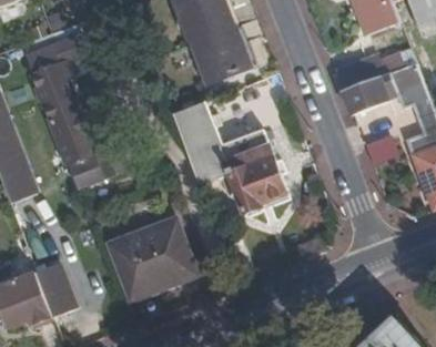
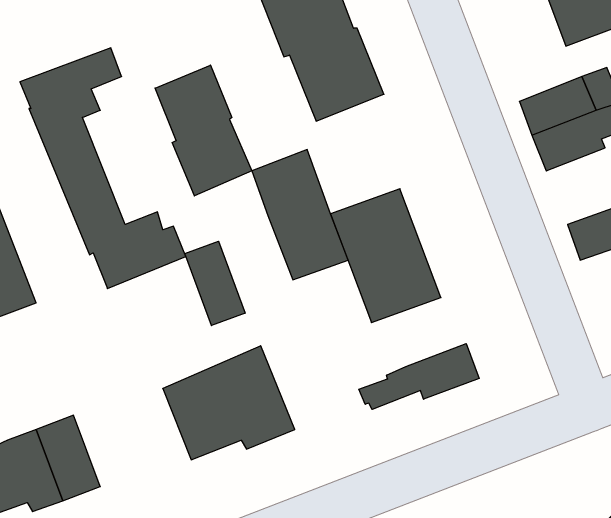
building: none -> [155,65,252,196]
building: none -> [185,241,245,326]
building: none -> [359,344,479,409]

